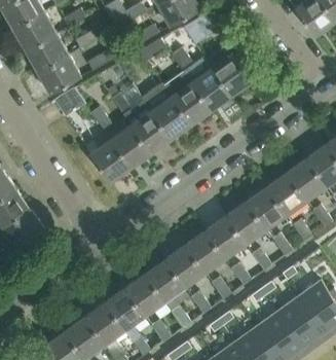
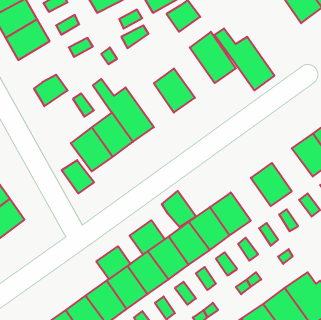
building: [172,49,230,110] -> [214,28,274,90]
building: [38,55,81,95] -> none
building: [141,83,190,139] -> none
building: [286,159,326,202] -> none
building: none -> [62,160,94,193]
building: [246,188,285,230] -> none
building: none -> [162,191,196,227]
building: none -> [130,220,165,255]
building: none -> [96,246,130,279]

